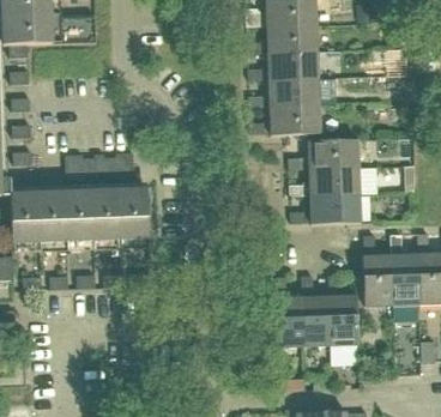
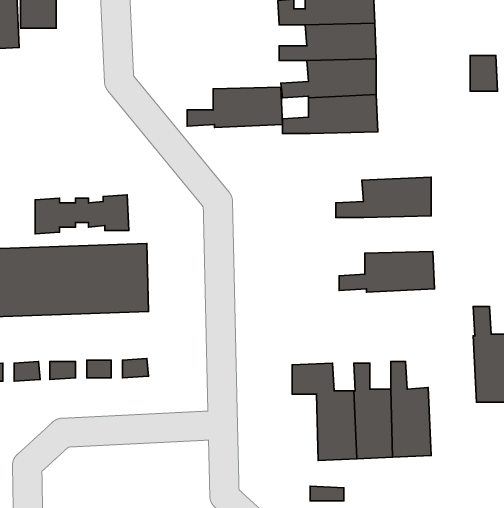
building: [250,104,321,134] -> [187,87,283,128]
building: [290,167,361,194] -> none
building: [363,234,393,306] -> none

